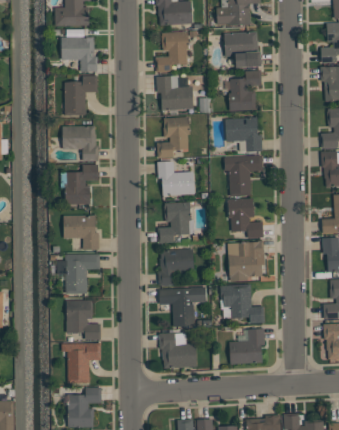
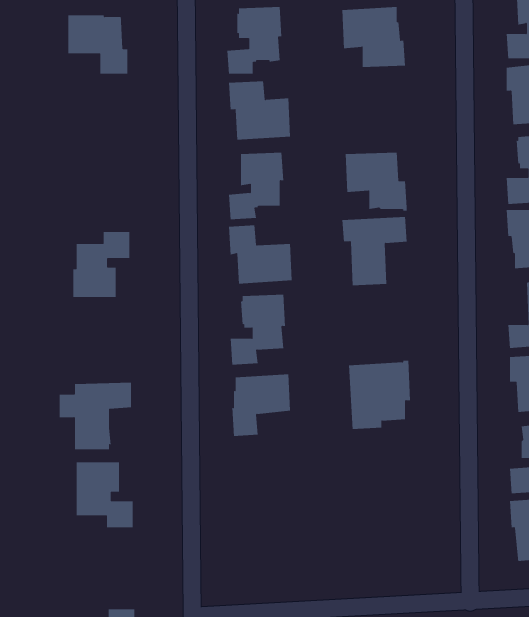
building: [229,69,262,110] -> none
building: [65,75,98,115] -> none
building: [63,125,99,160] -> none
building: [228,198,264,237] -> none
building: [64,215,100,249] -> none
building: [220,284,265,323] -> none
building: [159,286,206,326] -> none
building: [230,328,265,363] -> none
building: [159,332,197,368] -> none
building: [62,342,101,382] -> none

